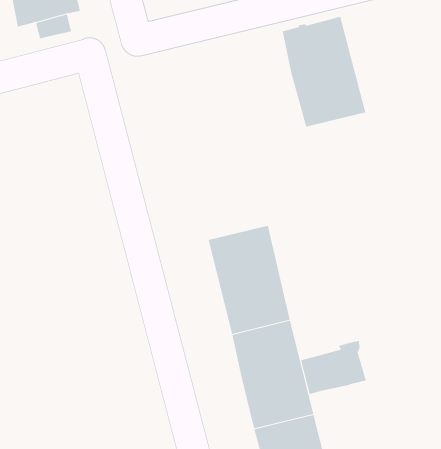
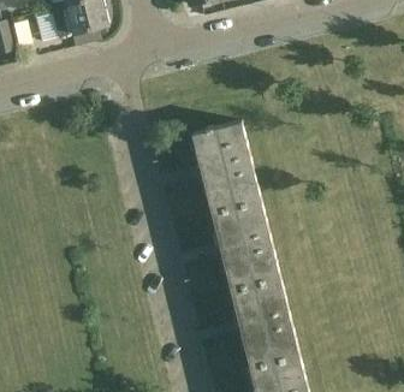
building: [282,16,366,127] -> [192,120,261,210]
building: [301,340,367,395] -> none

